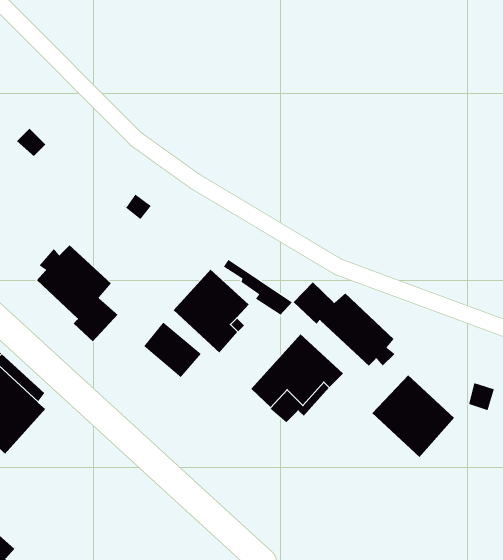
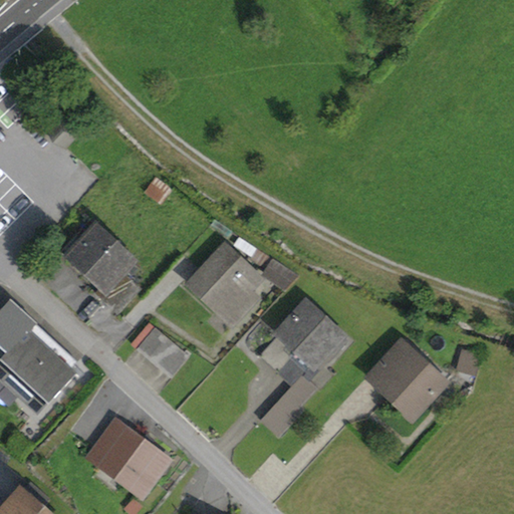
building: [293,281,395,366] -> none
building: [143,322,202,378] -> [136,326,189,377]
building: none -> [261,374,316,435]
building: none -> [87,420,169,496]

